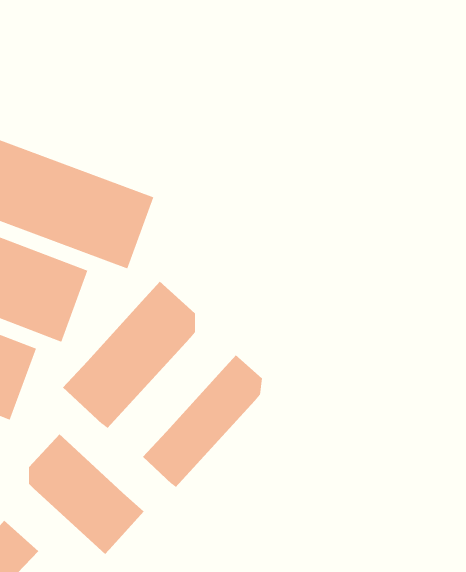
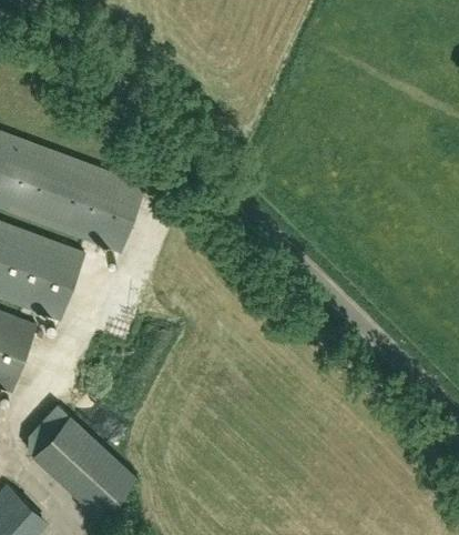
building: [62,281,196,429] -> none
building: [142,354,263,488] -> none

